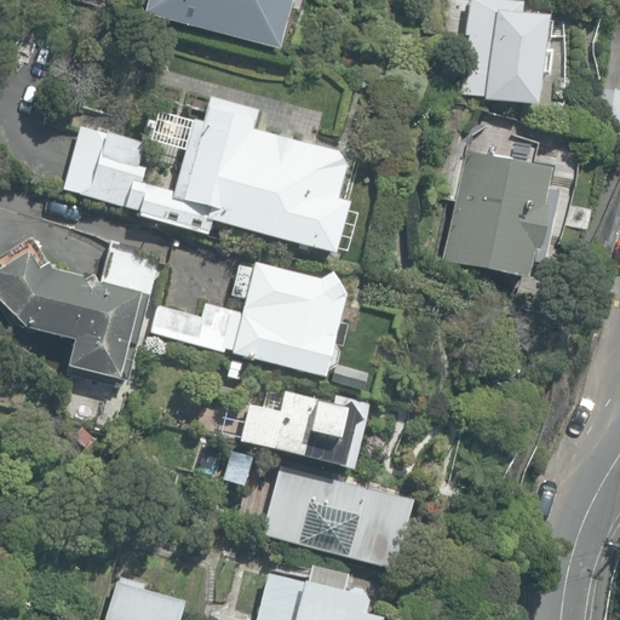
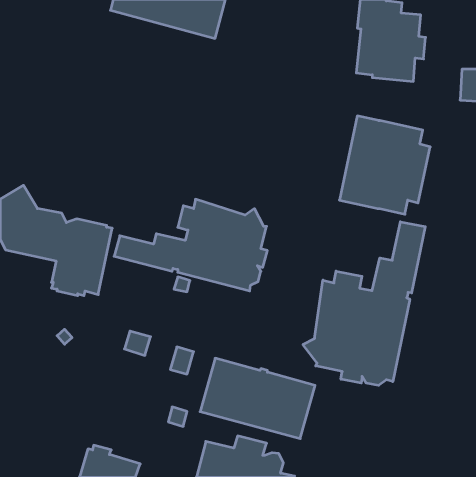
building: [80,105,350,254] -> none
building: none -> [303,222,425,385]
building: [240,386,372,467] -> none

